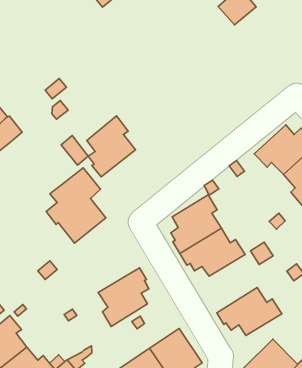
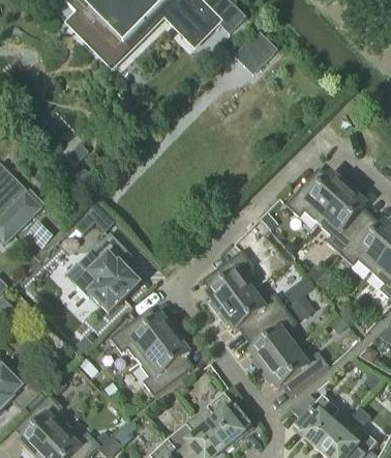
building: [87,116,135,177] -> none
building: none -> [111,312,178,363]
building: none -> [249,310,301,373]

